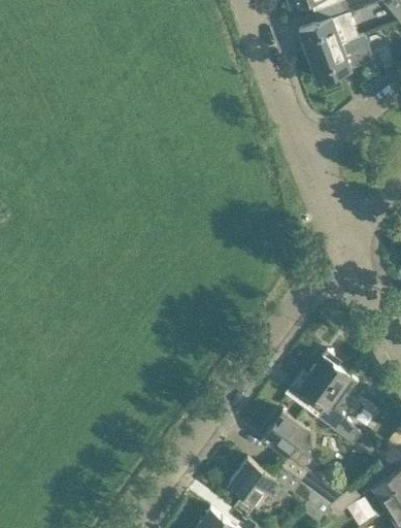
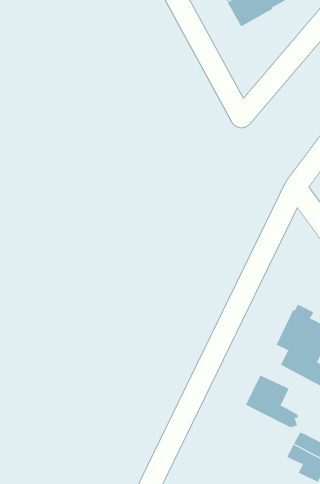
building: [229,459,291,505] -> none

